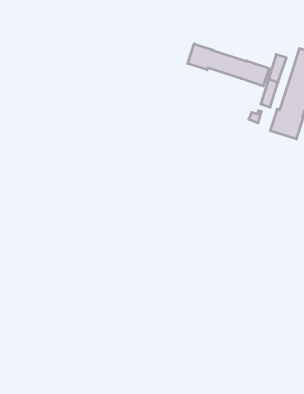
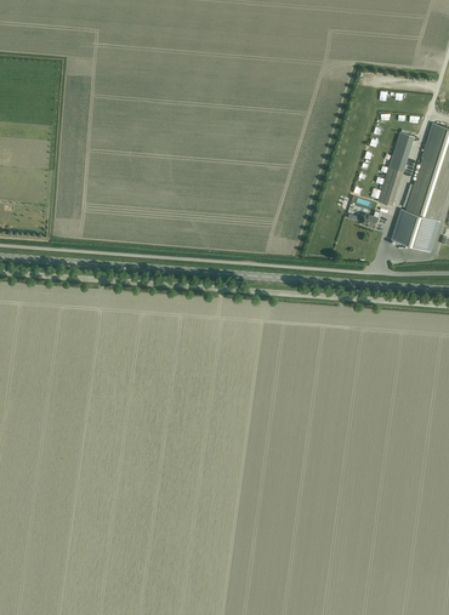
building: [188,44,269,86] -> none

